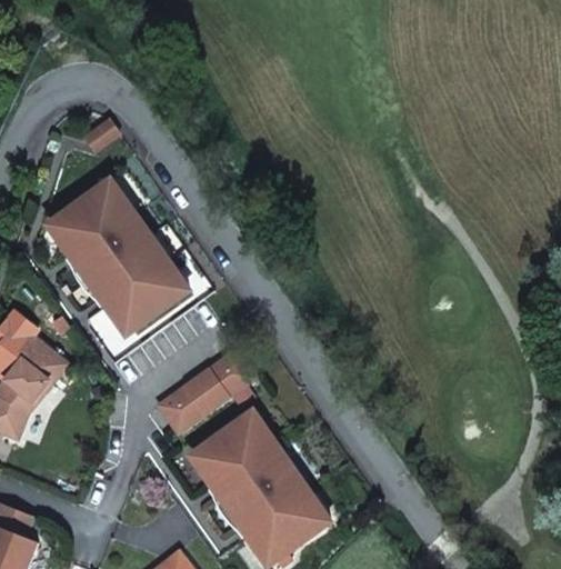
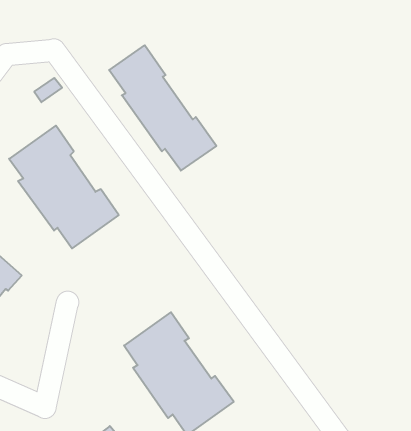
building: none -> [109,45,216,171]
building: [158,351,253,432] -> none

